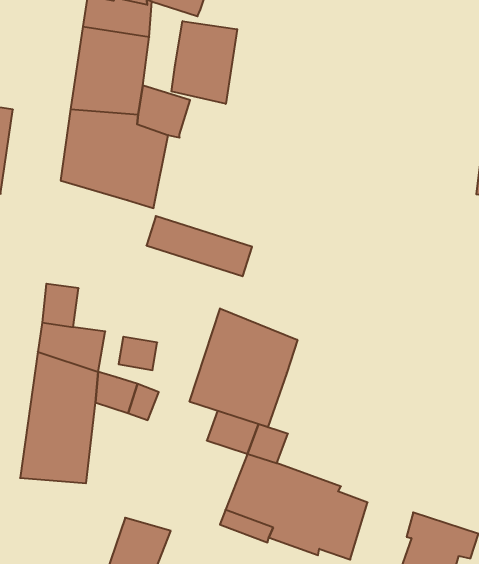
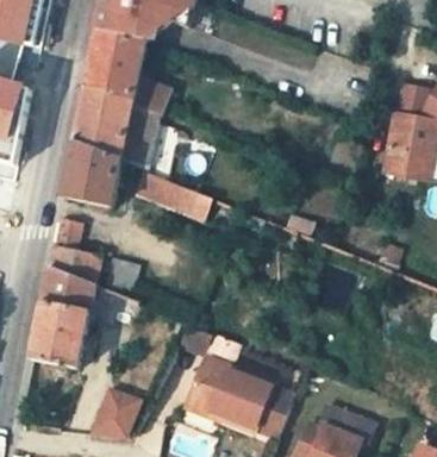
building: [171,21,237,104] -> none
building: none -> [63,140,123,207]
building: [190,308,297,427] -> none

